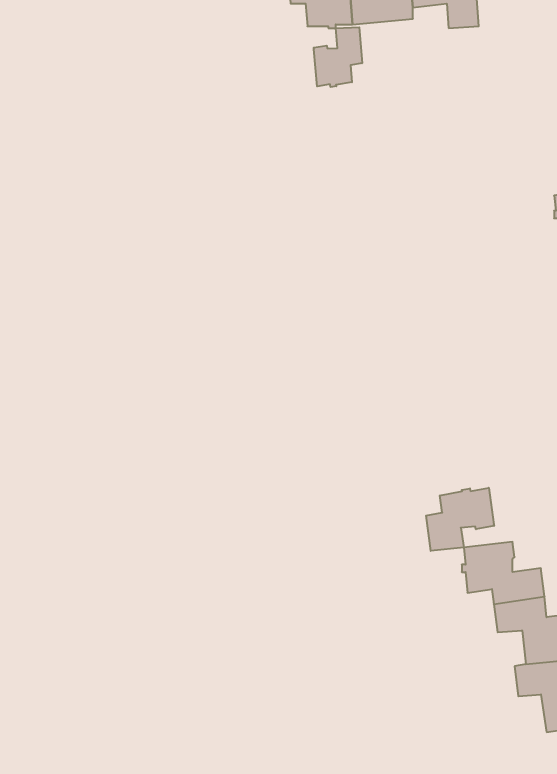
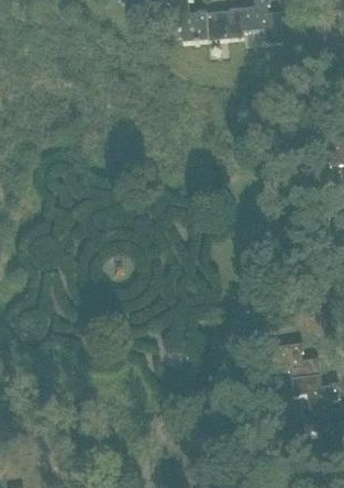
building: [314,27,362,87] -> none
building: [426,488,494,551] -> none

